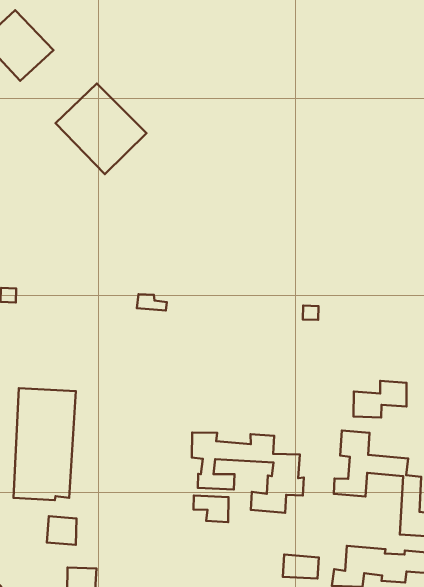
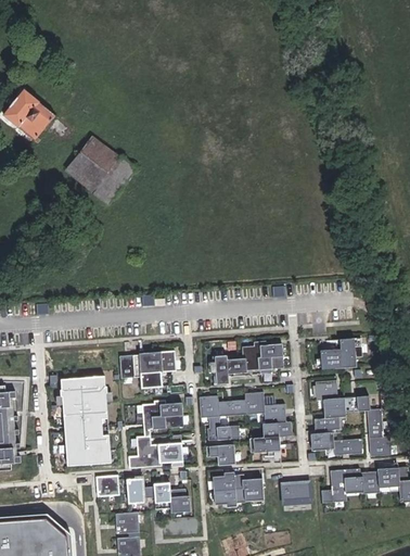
building: none -> [119,352,176,389]
building: none -> [213,341,283,384]
building: none -> [128,401,183,469]
building: none -> [313,432,362,454]
building: none -> [126,478,187,513]
building: none -> [213,475,264,505]

